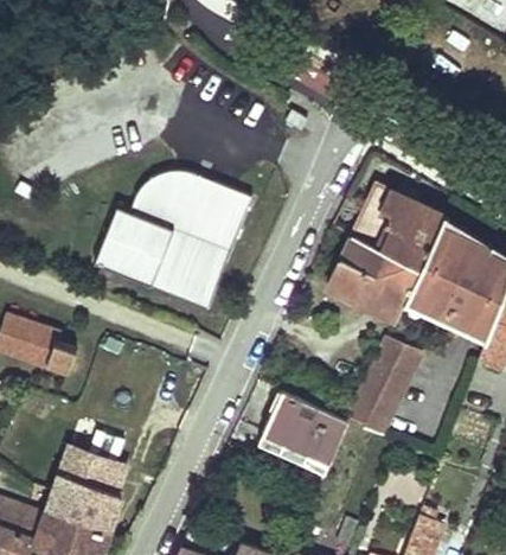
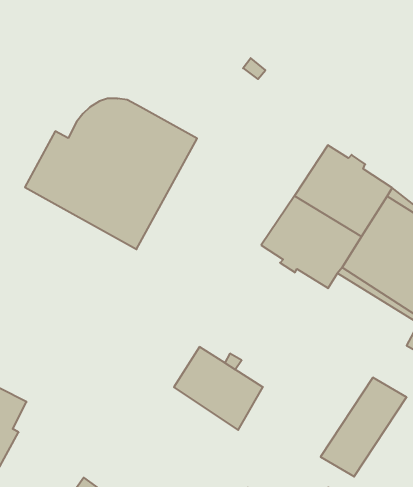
building: [346,342,419,438] -> [321,378,407,477]

